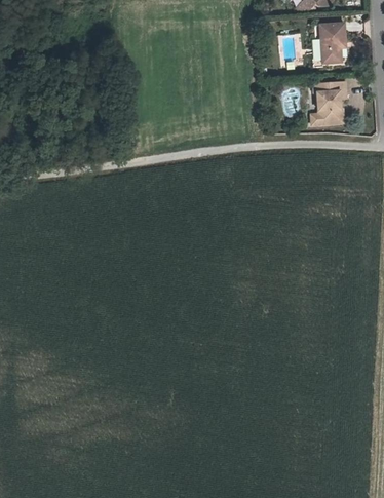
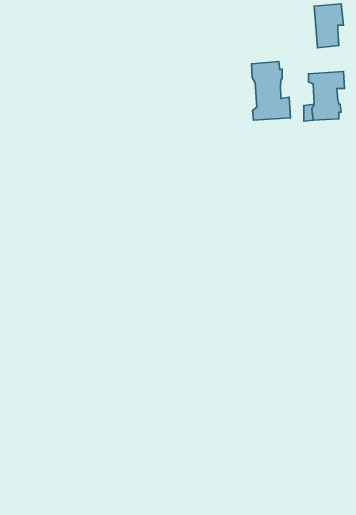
building: none -> [252,62,290,120]

